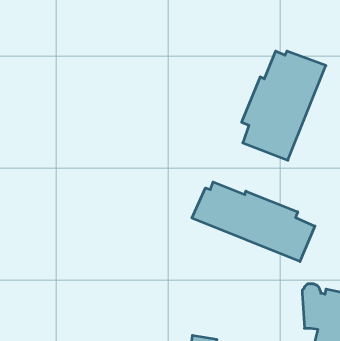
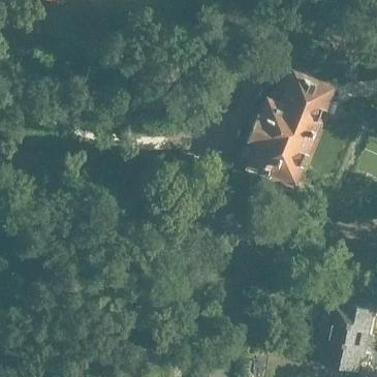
building: [192,182,315,262] -> none

